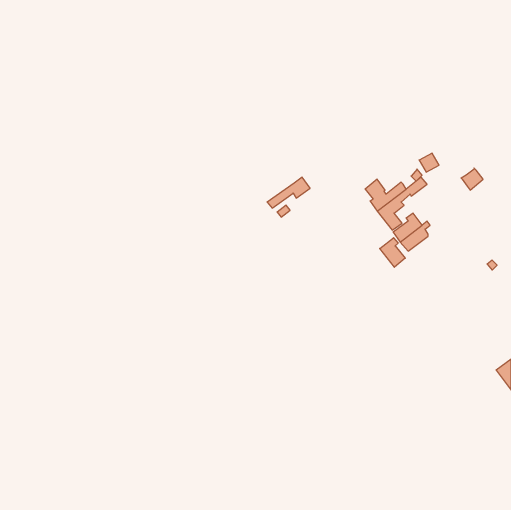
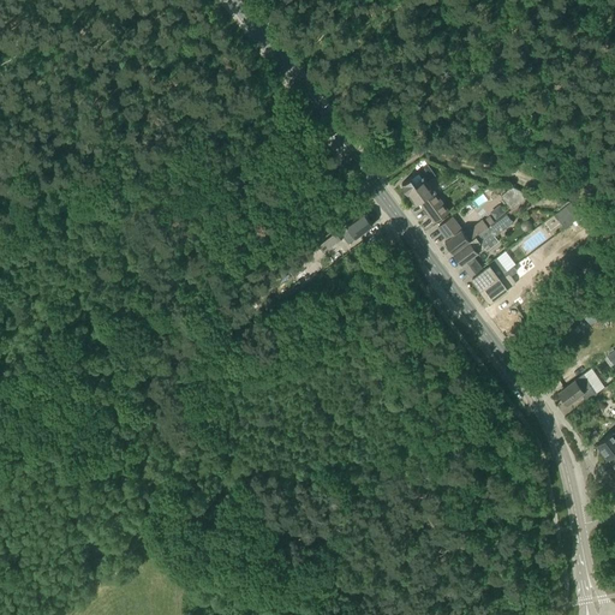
building: none -> [401,172,449,223]
building: [380,238,405,267] -> none
building: none -> [557,375,597,406]

